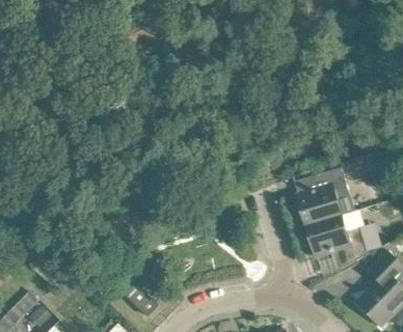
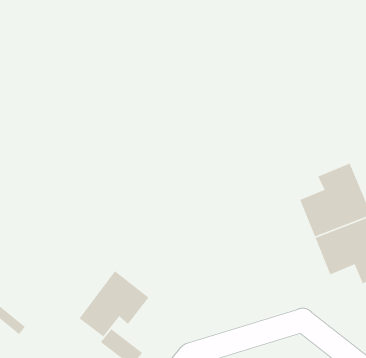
building: none -> [79,270,149,338]

